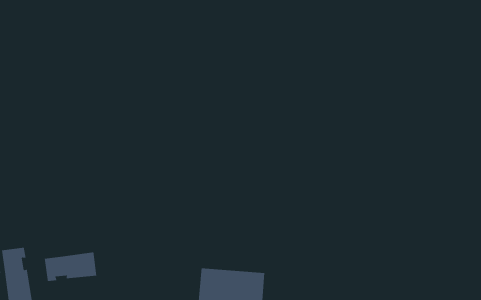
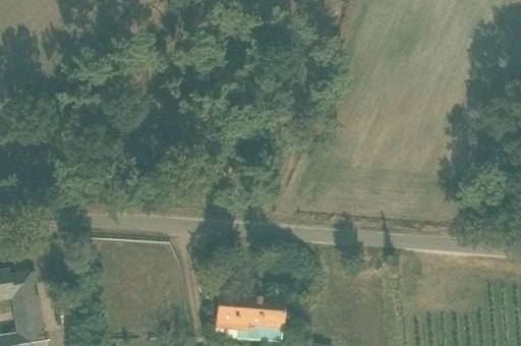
building: [44,252,97,282] -> none

